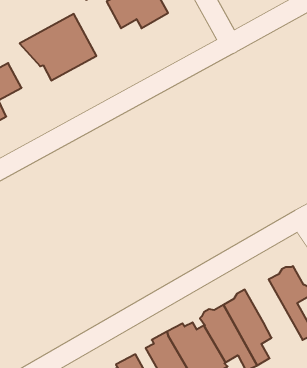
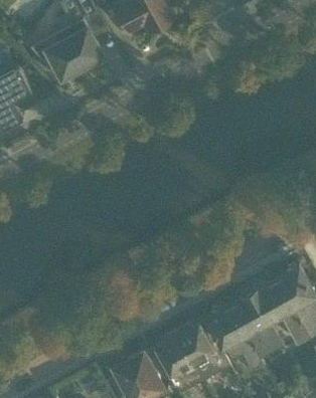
building: none -> [252,280,308,345]

